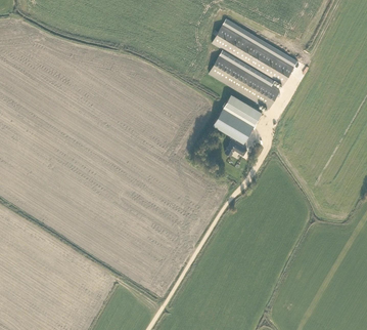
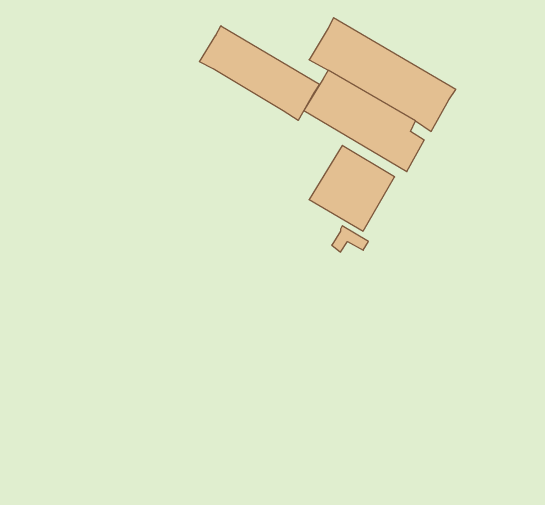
building: none -> [199,26,320,120]

